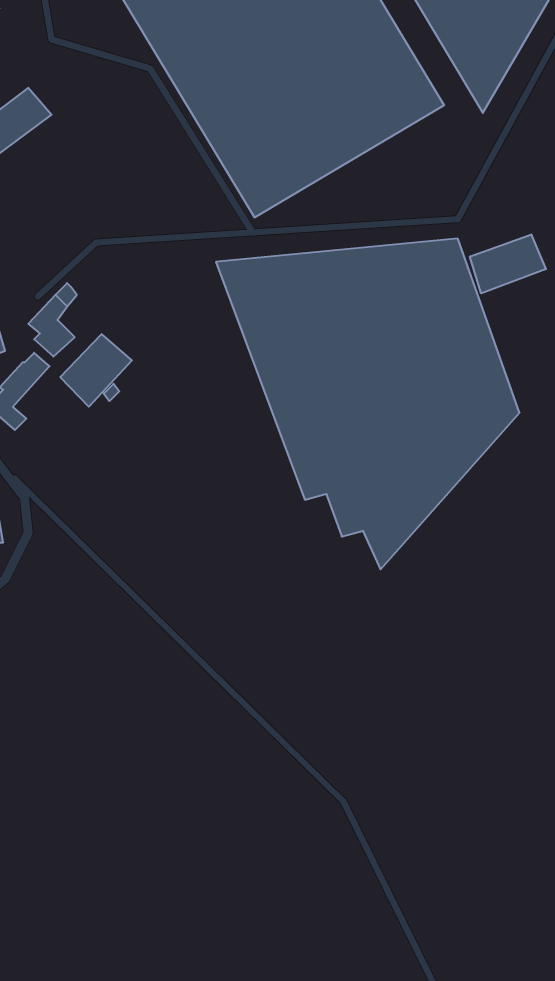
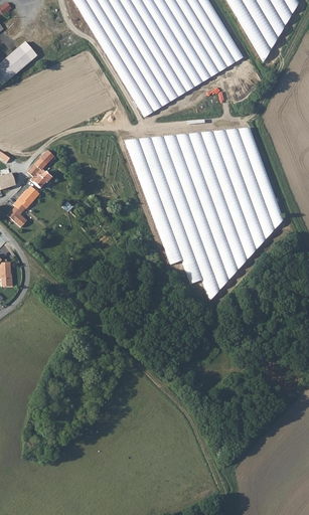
building: [470,234,546,293] -> none
building: [60,334,132,407] -> none

